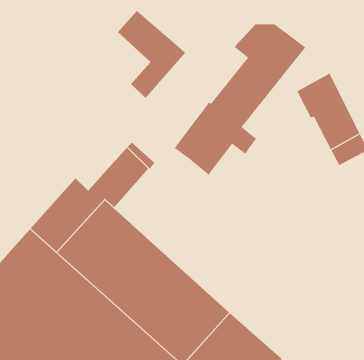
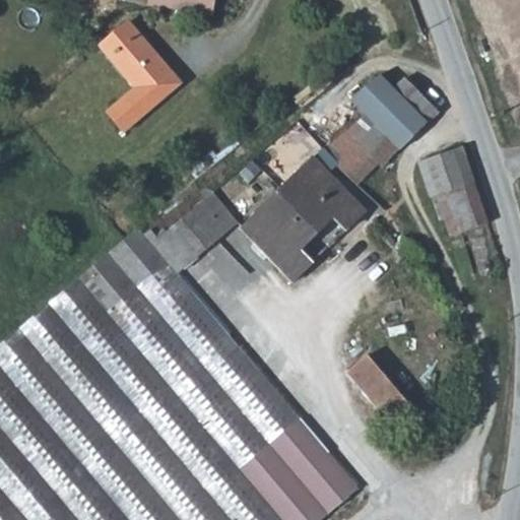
building: [117,10,186,99] -> [101,22,181,131]
building: none -> [242,209,311,280]
building: none -> [345,354,405,418]

